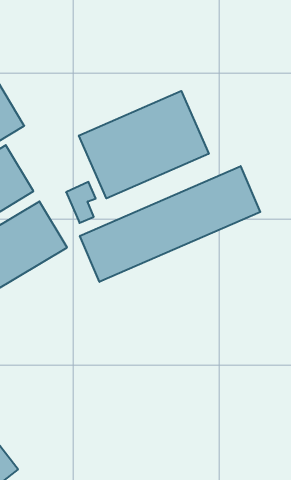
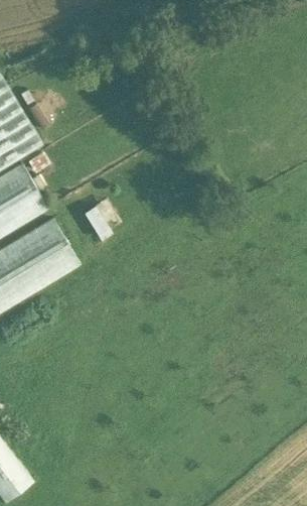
building: [79,91,209,198] -> none
building: [80,166,260,282] -> none

